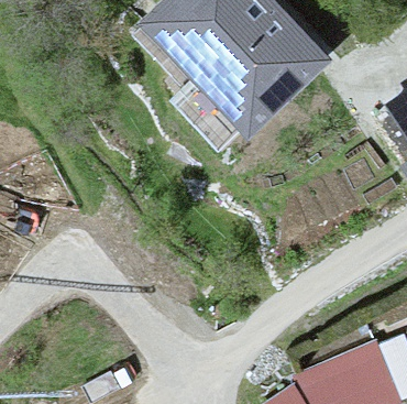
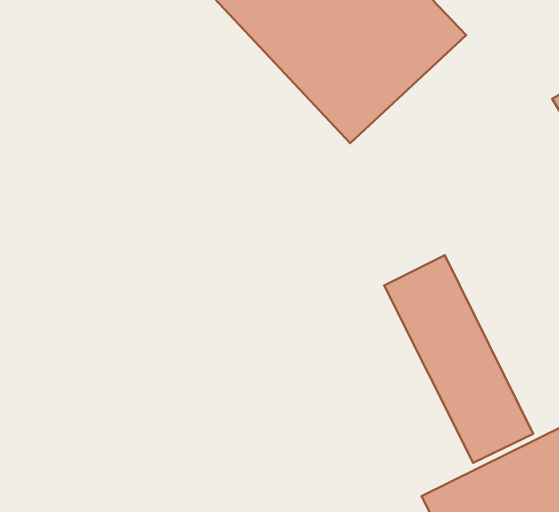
building: none -> [384,255,533,463]

